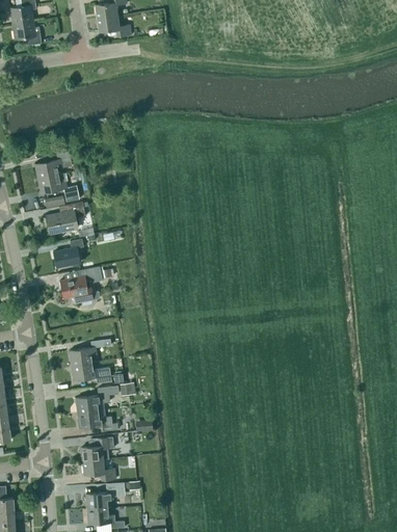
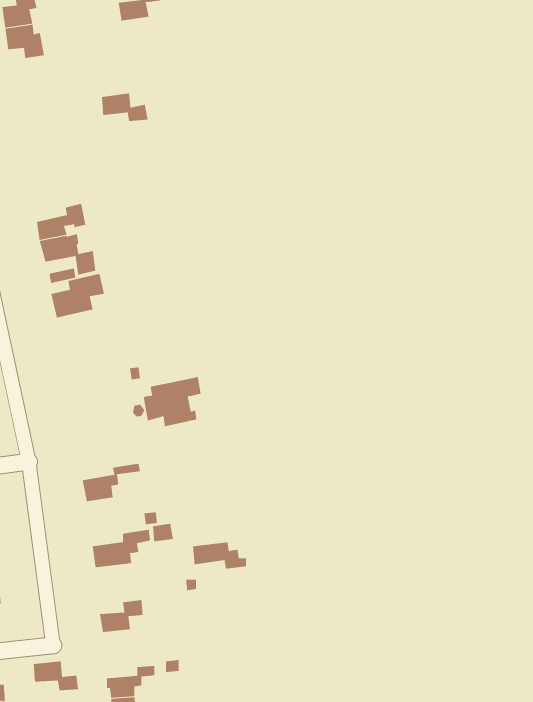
building: [97,16,131,36] -> [101,93,149,121]
building: [53,239,83,267] -> none
building: [59,267,102,303] -> [143,377,202,427]
building: [72,364,110,382] -> none
building: [78,411,117,431] -> [192,542,247,569]
building: [83,459,116,481] -> [33,661,79,691]

